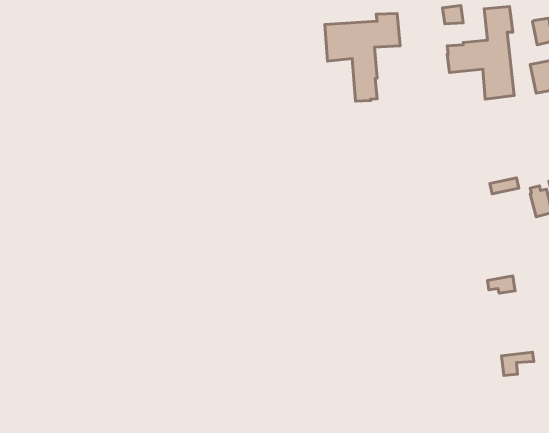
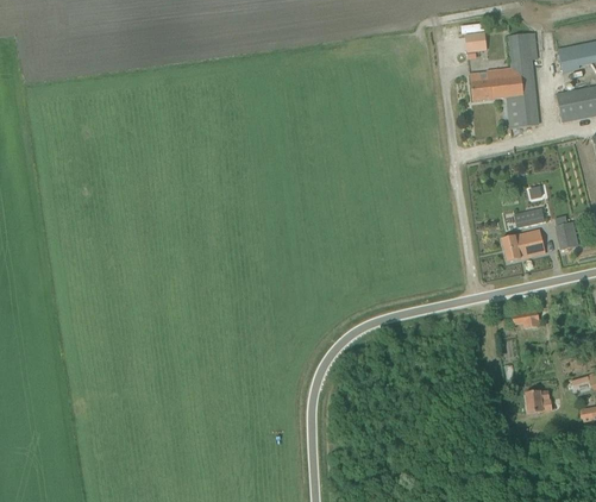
building: [325,14,400,101] -> none
building: none -> [502,230,545,262]

